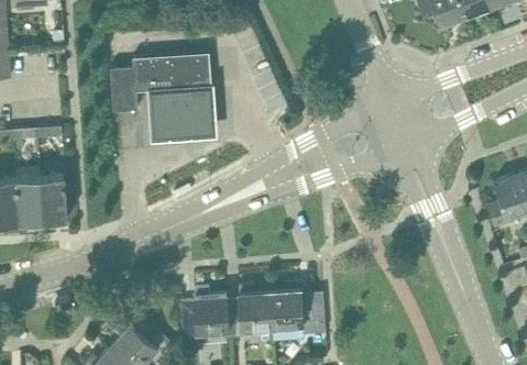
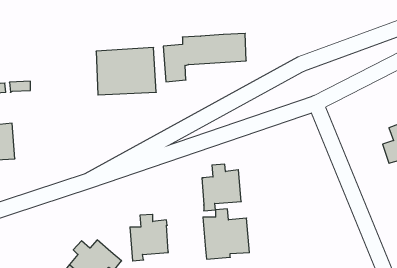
building: [109,54,209,112] -> [163,33,246,82]
building: [39,176,67,221] -> none
building: [224,285,272,341] -> [202,164,241,211]

